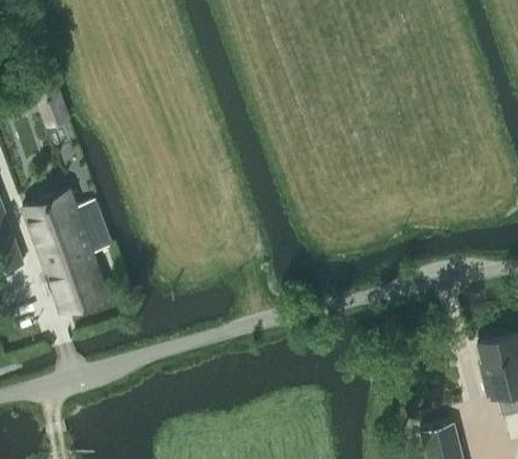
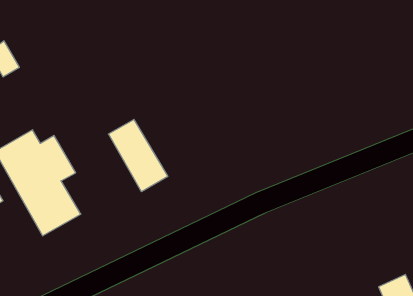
building: none -> [108,119,168,192]

